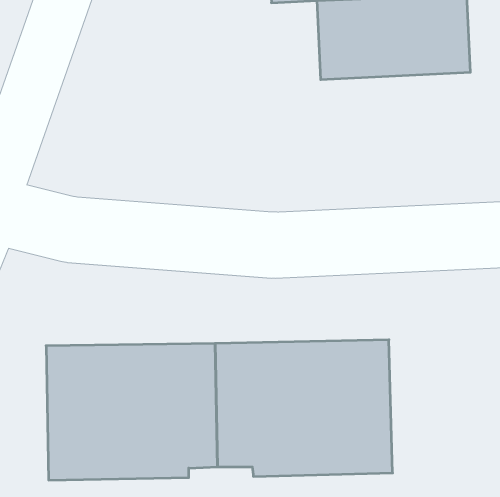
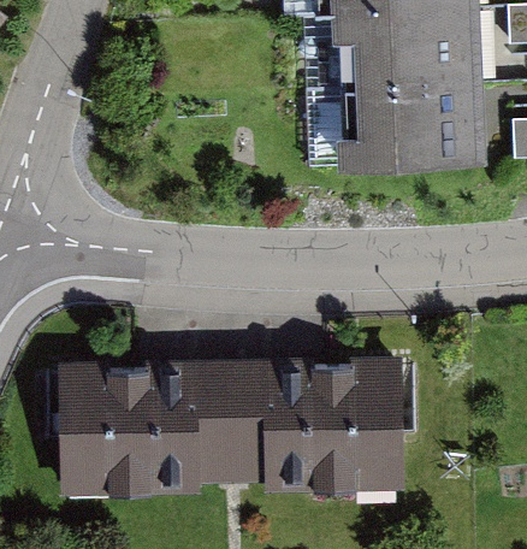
building: none -> [332,85,488,176]

